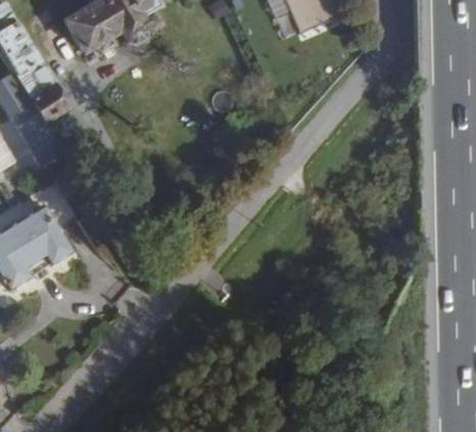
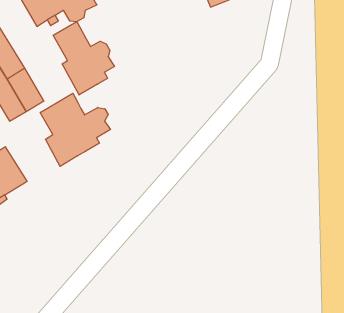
building: none -> [53,22,114,95]
building: none -> [40,93,110,166]

